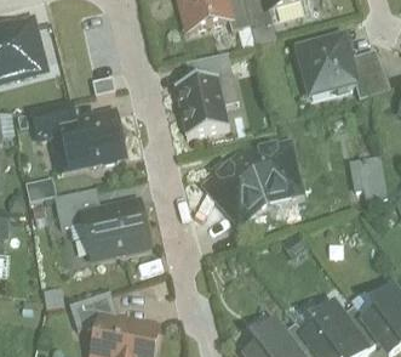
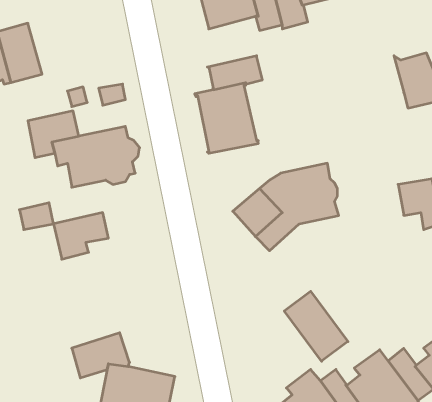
building: [297,40,354,96] -> none
building: [81,200,149,259] -> none
building: none -> [284,291,348,361]

